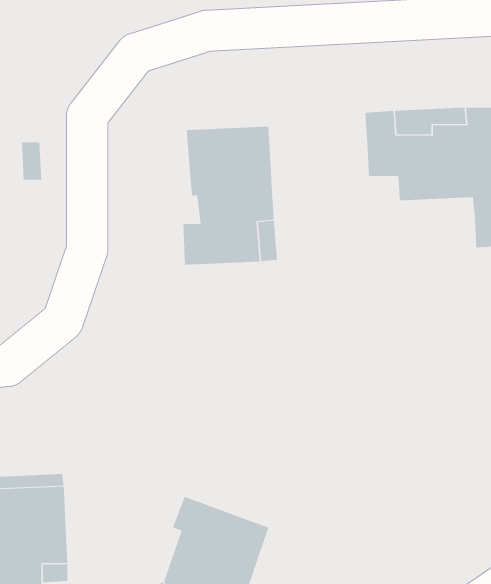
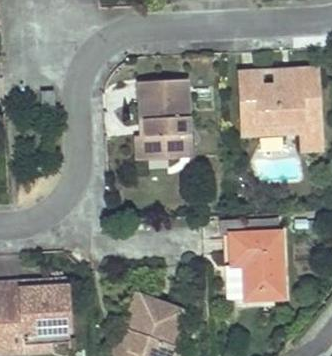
building: none -> [242,108,303,132]
building: none -> [231,231,283,298]

